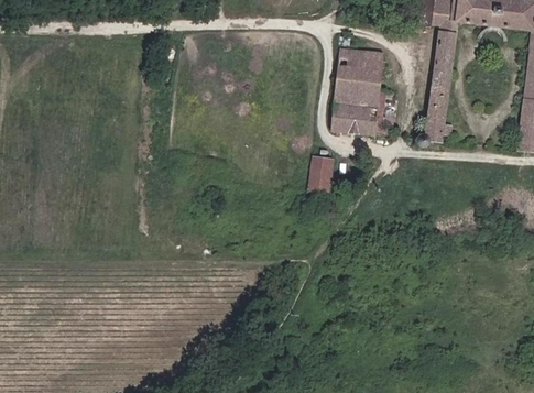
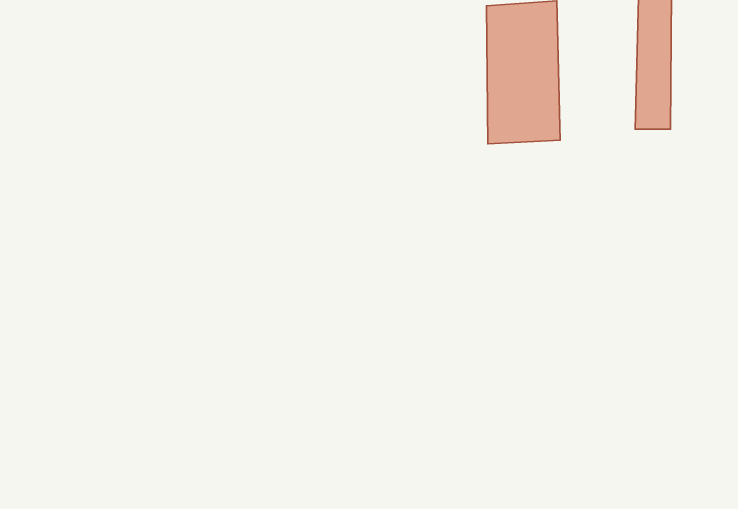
building: [306,153,336,193] -> none

